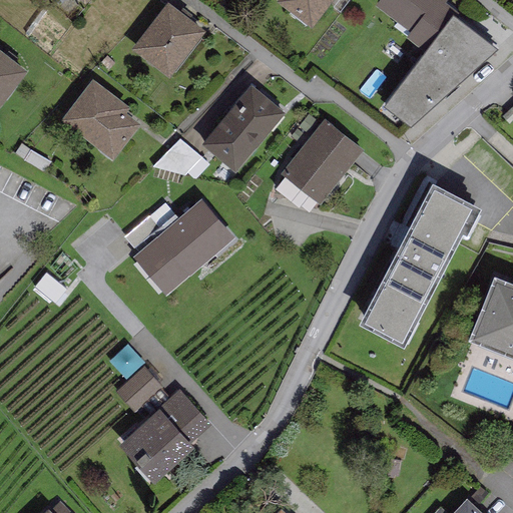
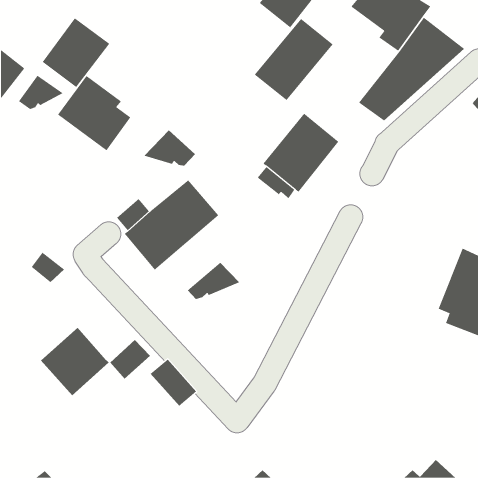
building: [132,4,205,79] -> [42,18,110,88]
building: none -> [18,75,64,110]
building: [201,86,287,174] -> [254,18,334,101]
building: [360,168,481,332] -> none
building: none -> [187,262,240,300]
building: [121,399,195,473] -> [40,327,110,396]

